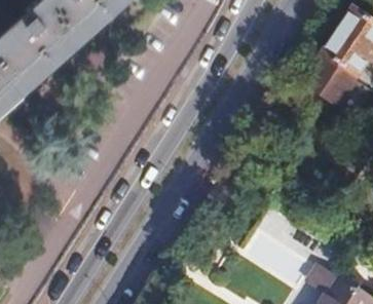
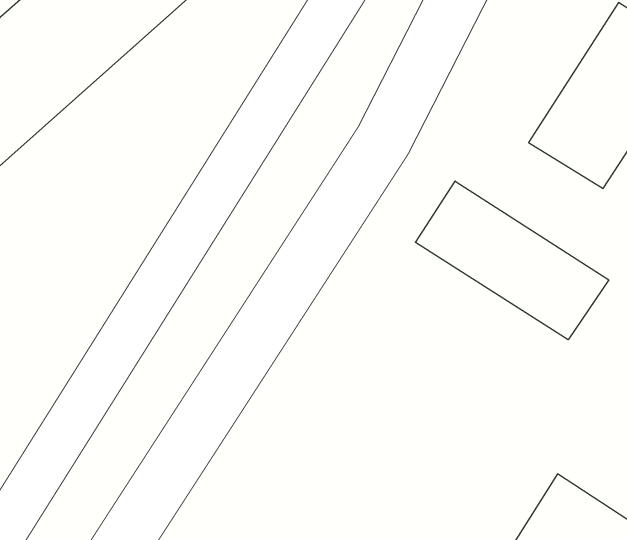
building: none -> [415,181,609,340]

